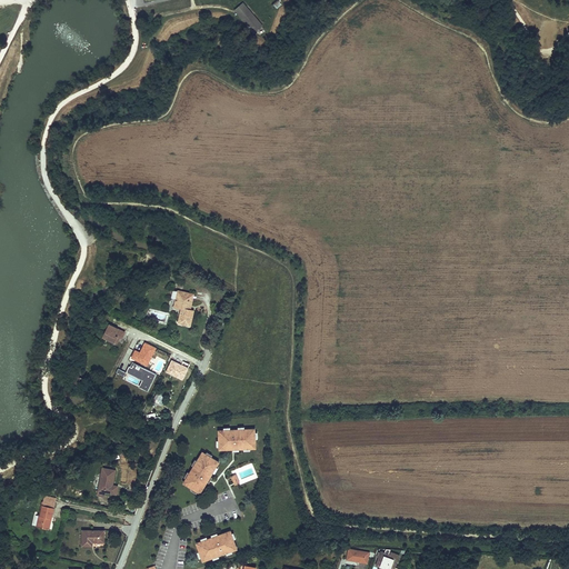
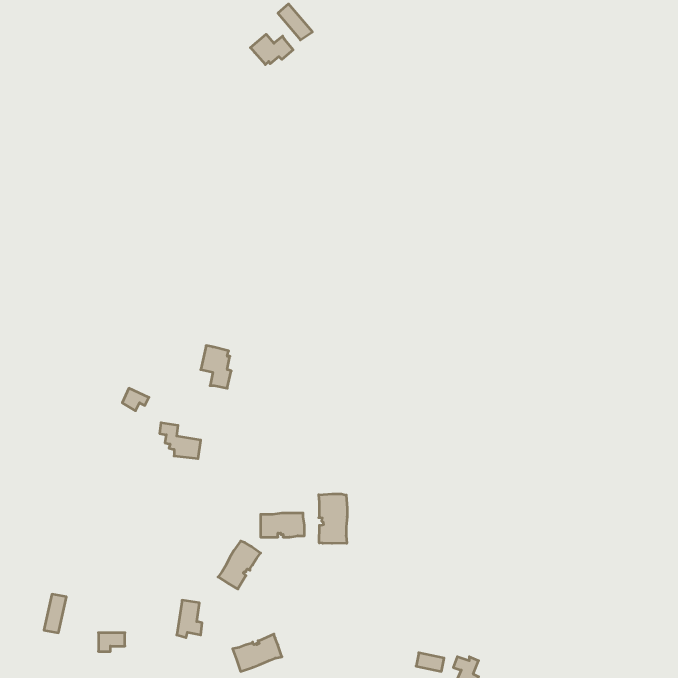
building: none -> [250,34,293,65]
building: none -> [319,494,347,543]
building: [96,468,117,499] -> [177,600,202,638]

